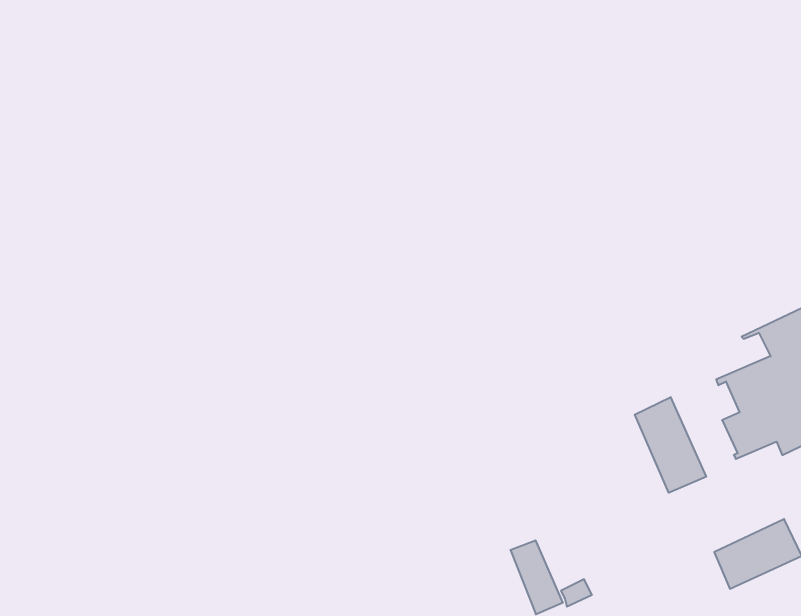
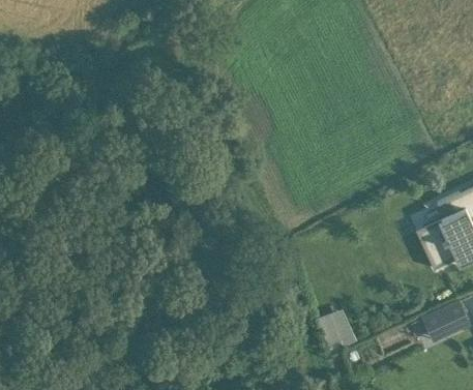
building: [635,397,706,493] -> none

